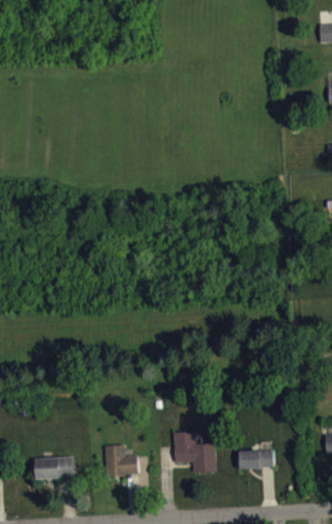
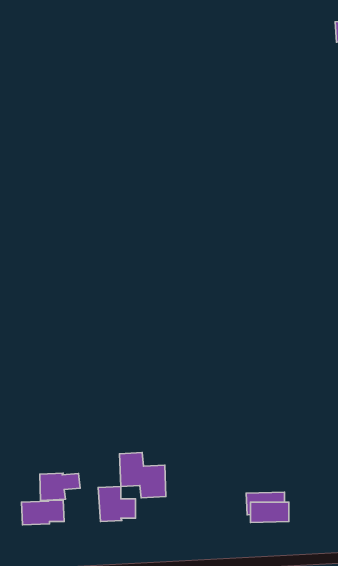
building: [174,431,216,472] -> [120,453,166,498]
building: none -> [40,473,80,500]

